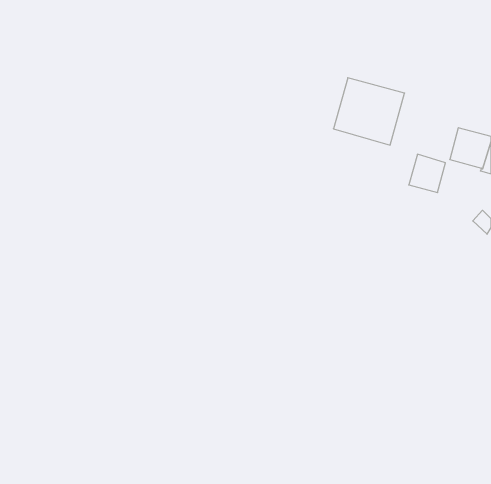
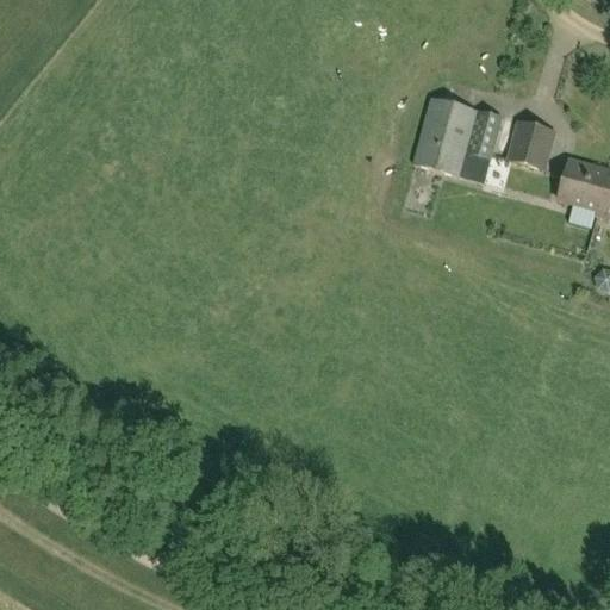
building: [409,154,445,193] -> [508,120,553,168]

